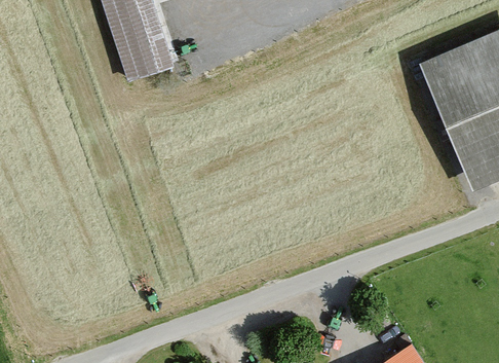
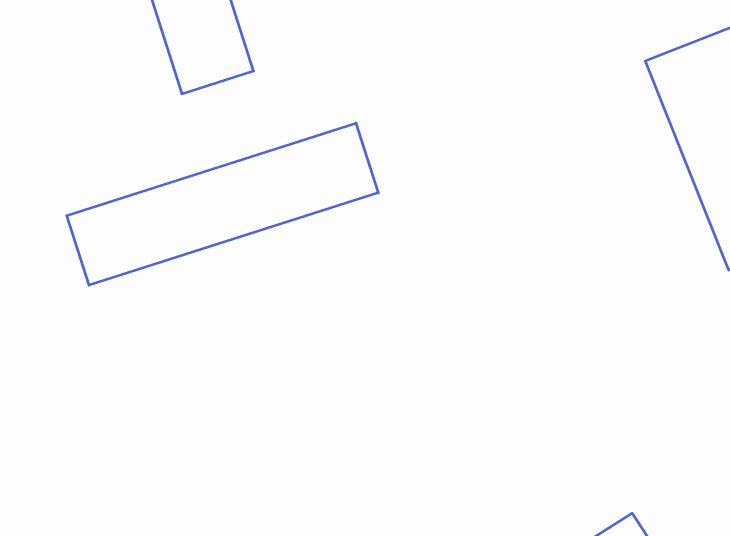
building: none -> [67,123,378,285]

